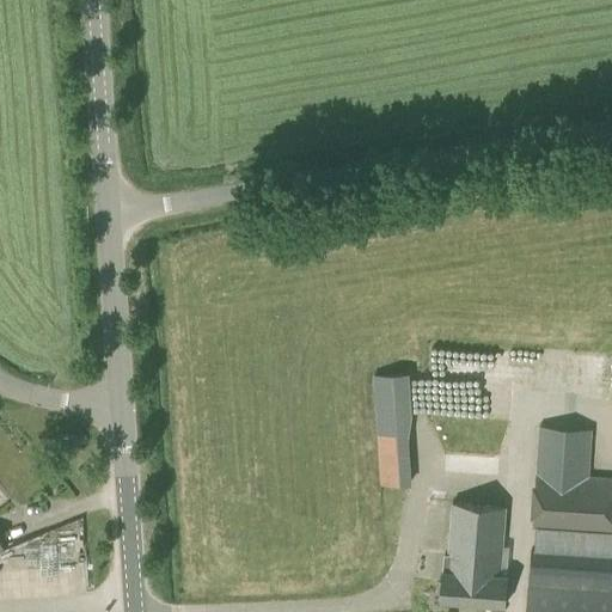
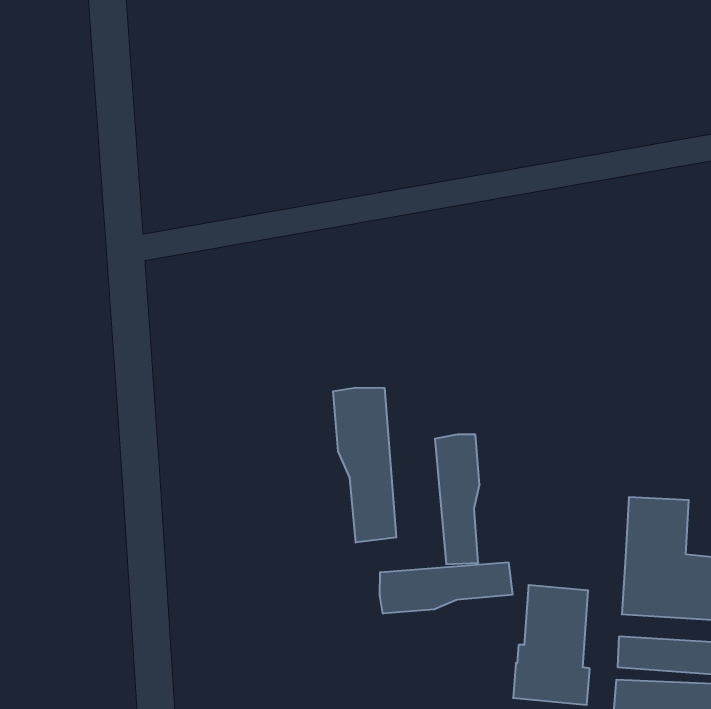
building: none -> [333,388,396,543]
building: none -> [380,562,512,614]

